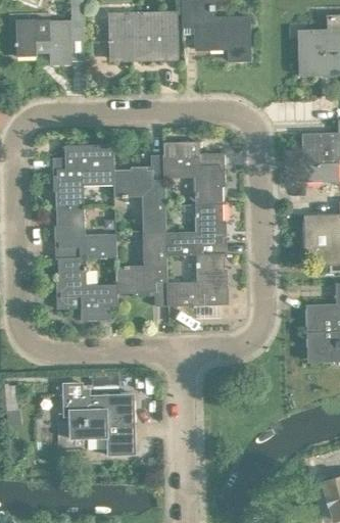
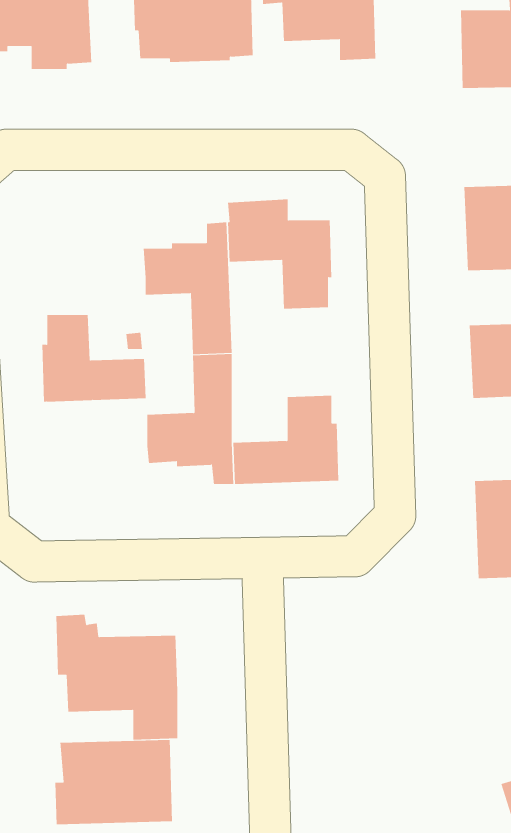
building: [52,144,114,208] -> none
building: [165,204,227,256] -> none
building: [54,258,116,322] -> none
building: none -> [55,739,173,825]

